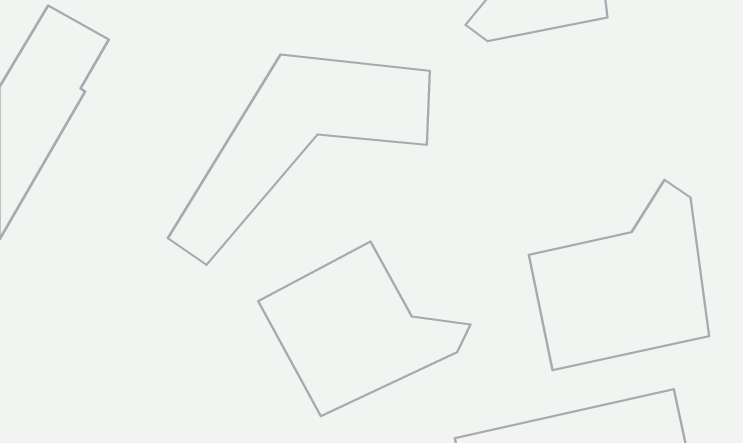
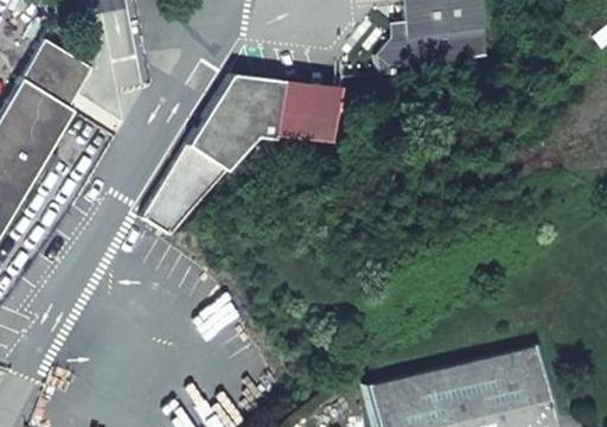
building: [529,180,709,370] -> none
building: [258,241,471,416] -> none

